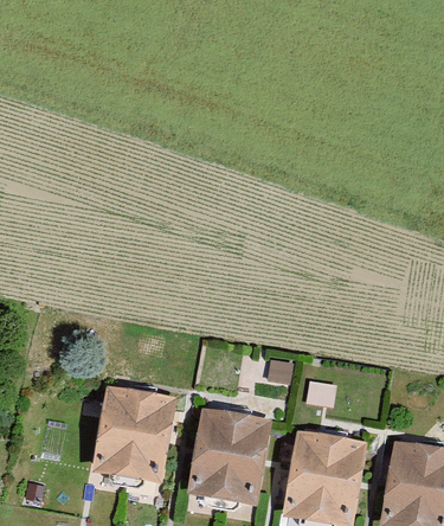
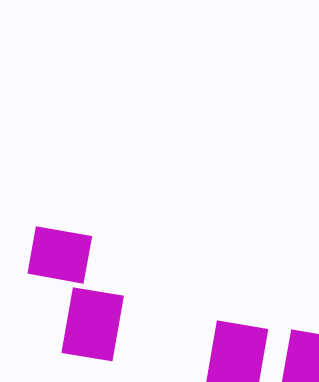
building: none -> [27,226,93,284]
building: [187,406,271,505] -> none

